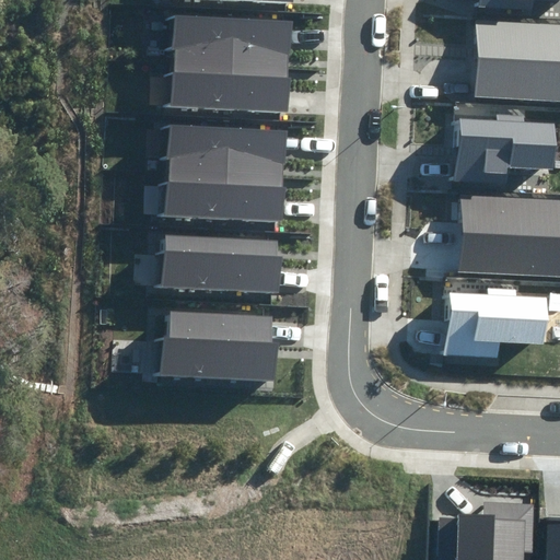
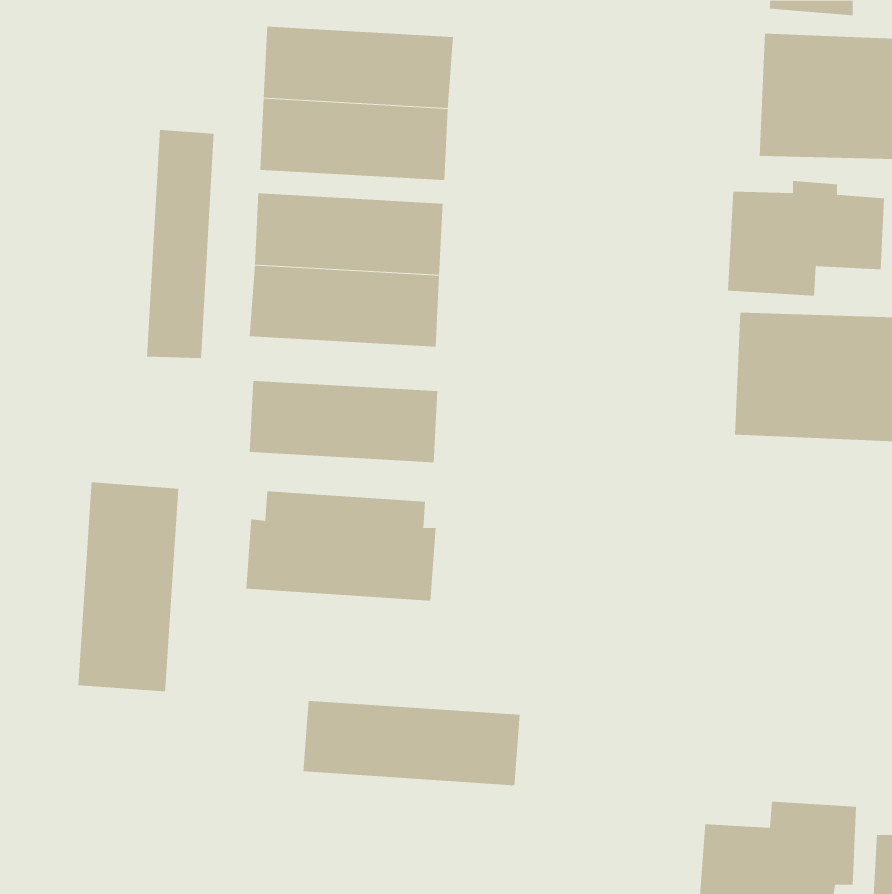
building: none -> [147,129,214,359]
building: [448,289,548,359] -> none
building: none -> [78,482,179,692]
building: none -> [303,700,520,786]

